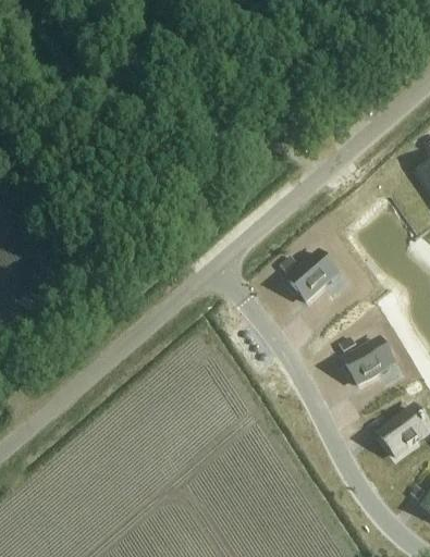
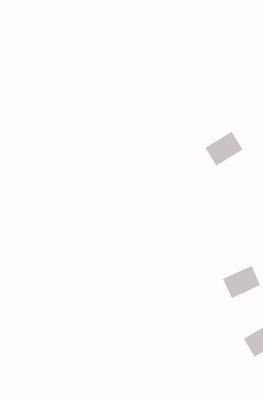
building: [285,252,335,300] -> [204,131,244,166]

